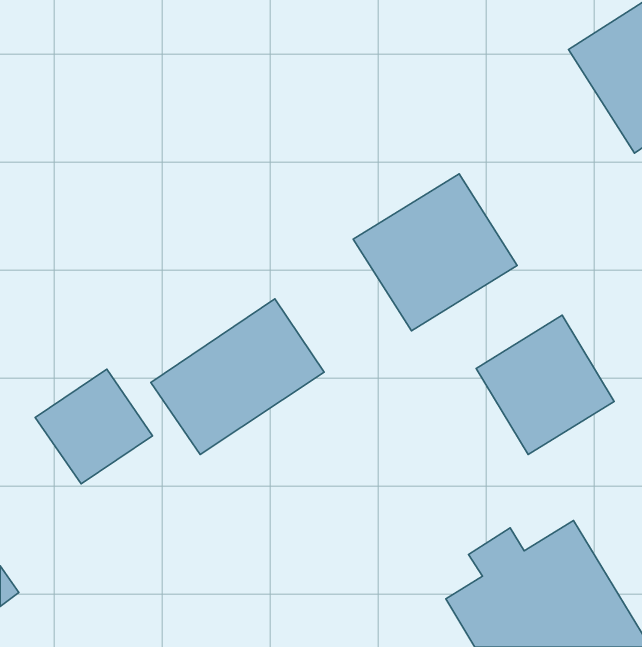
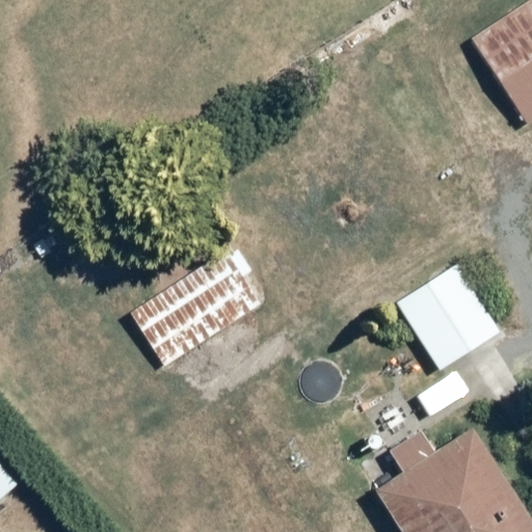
building: [353,174,517,331] -> none
building: [35,369,153,484] -> none

